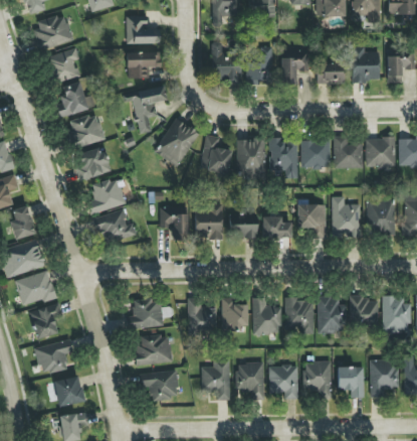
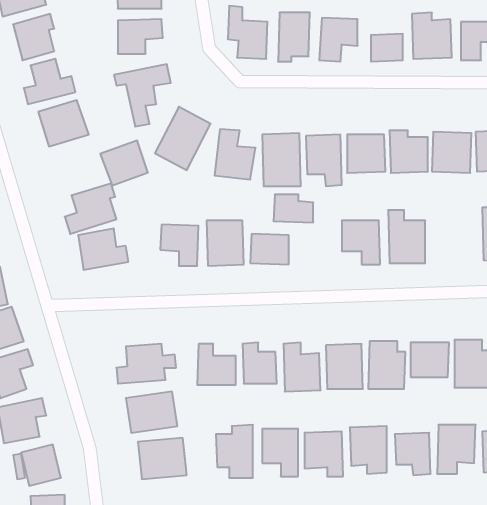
building: [73,146,110,180] -> [100,141,148,186]
building: [367,198,395,235] -> none
building: [261,216,291,238] -> [273,195,313,222]

